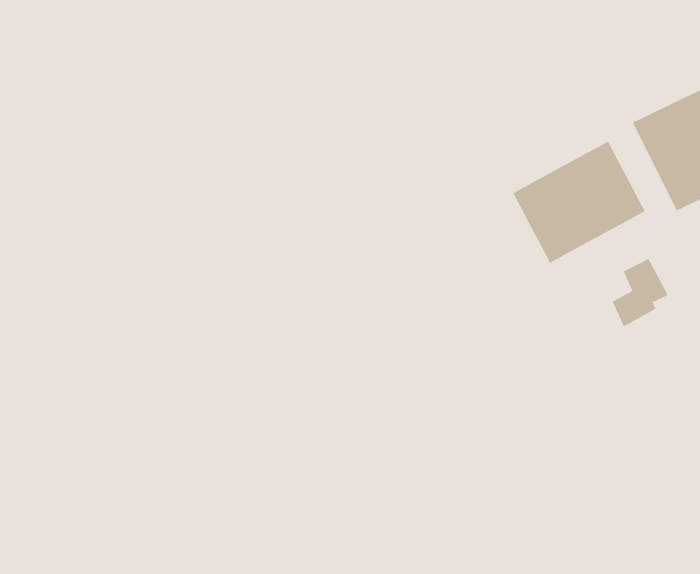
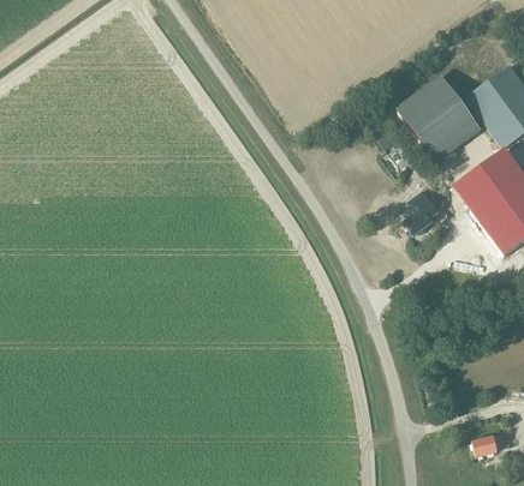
building: [512,141,646,263] -> none

